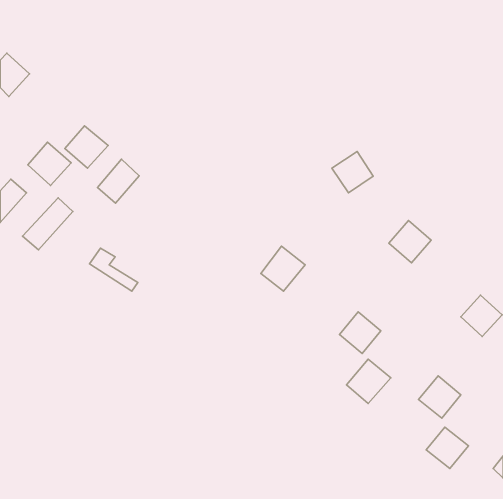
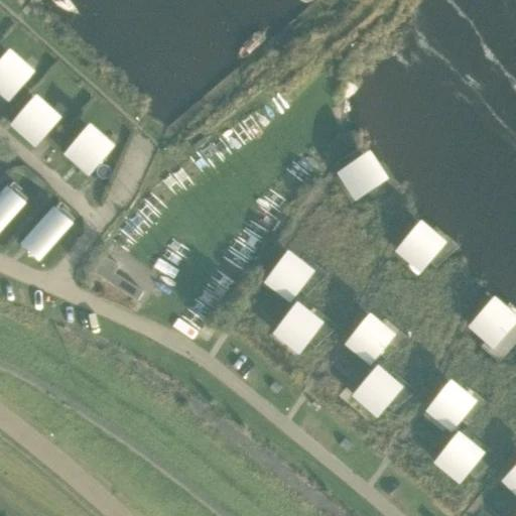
building: [28,142,71,185] -> [13,100,57,144]
building: [97,159,139,203] -> none
building: none -> [275,304,321,350]

